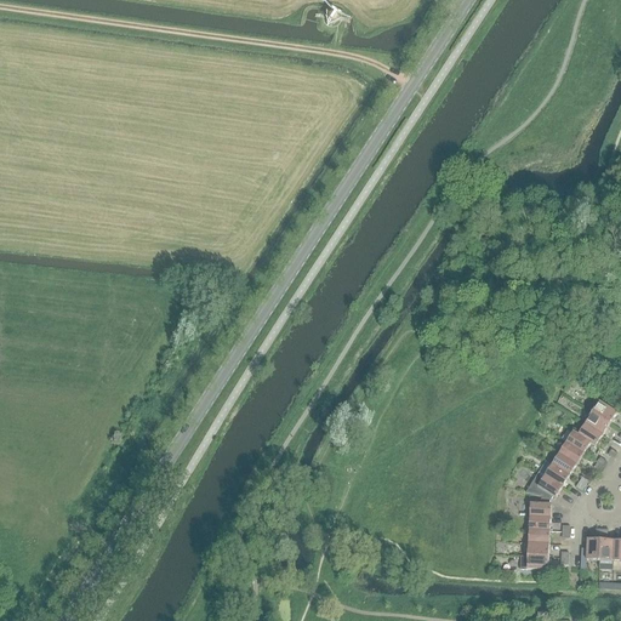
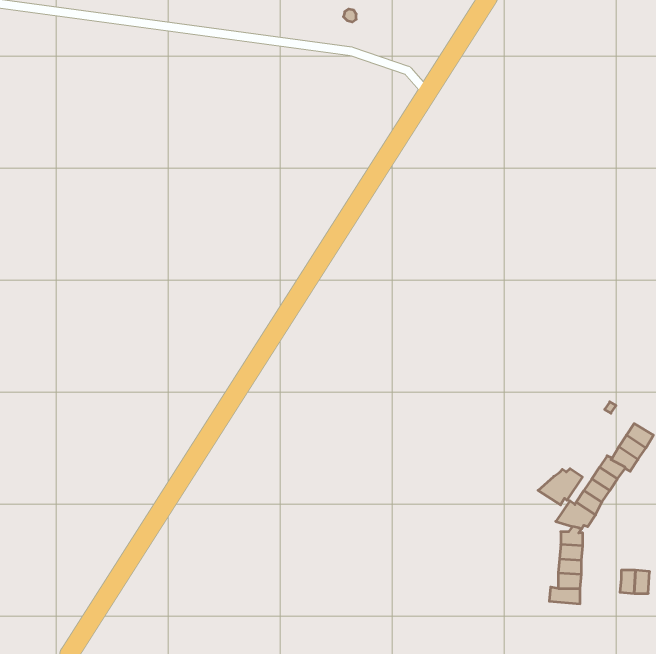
building: none -> [538,469,582,505]

